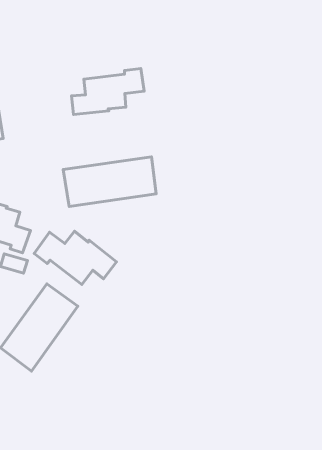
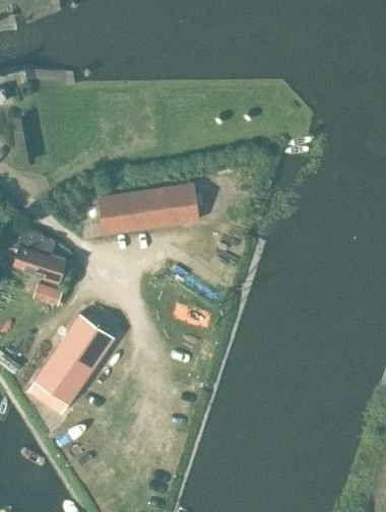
building: [72,69,144,114] -> none
building: [34,231,117,284] -> none

